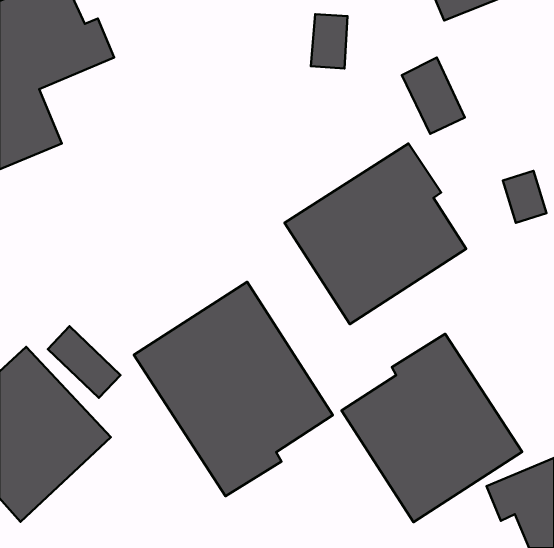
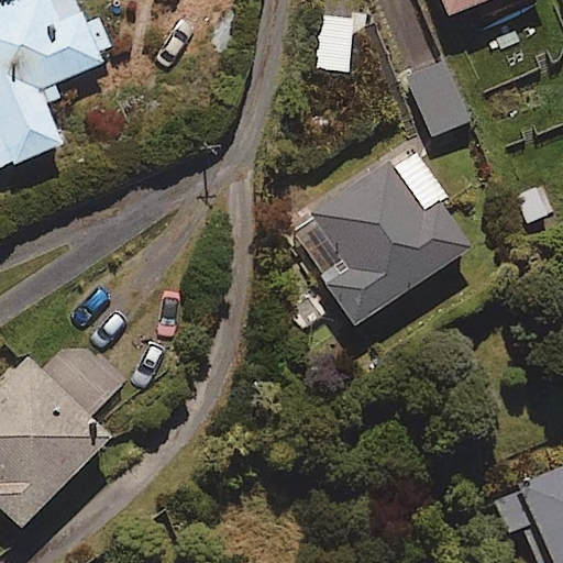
building: [134,282,333,496] -> none
building: [342,334,522,522] -> none

